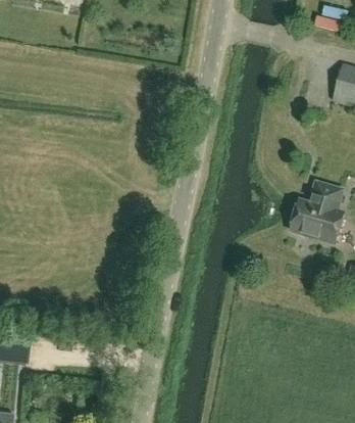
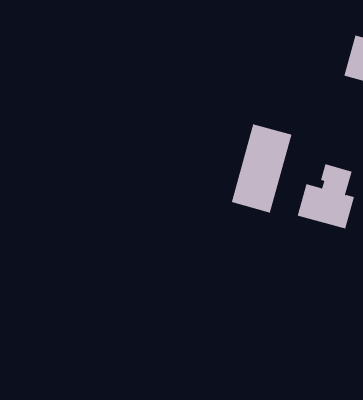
building: none -> [231,123,292,213]

